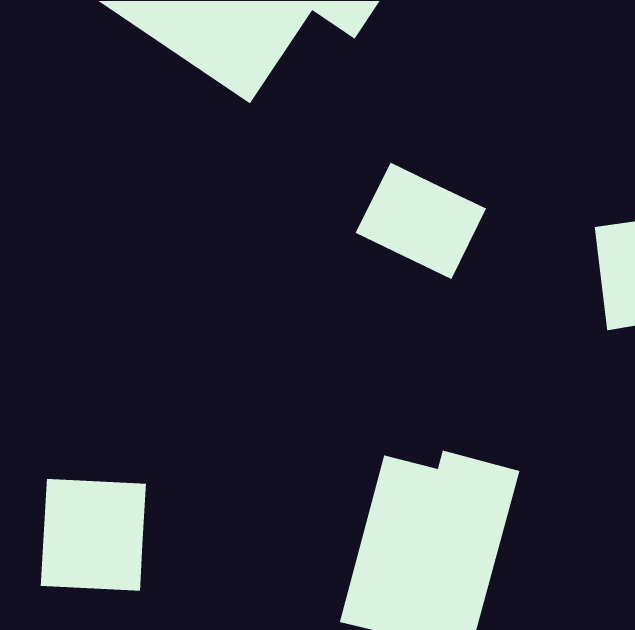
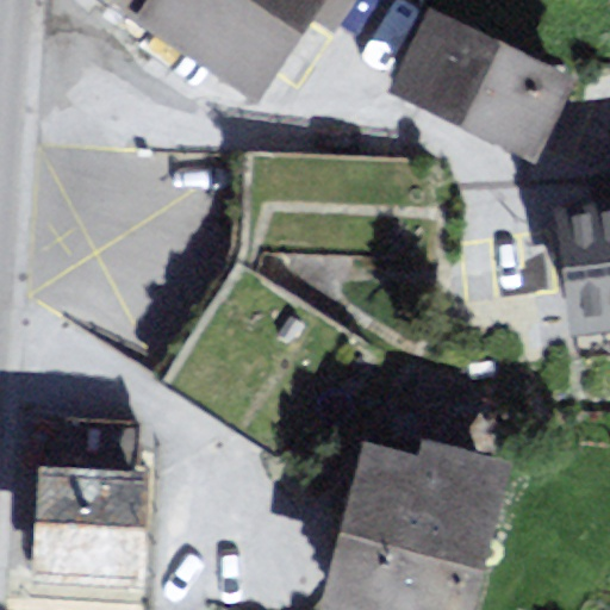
building: none -> [405,24,565,154]
building: [355,161,487,280] -> none

